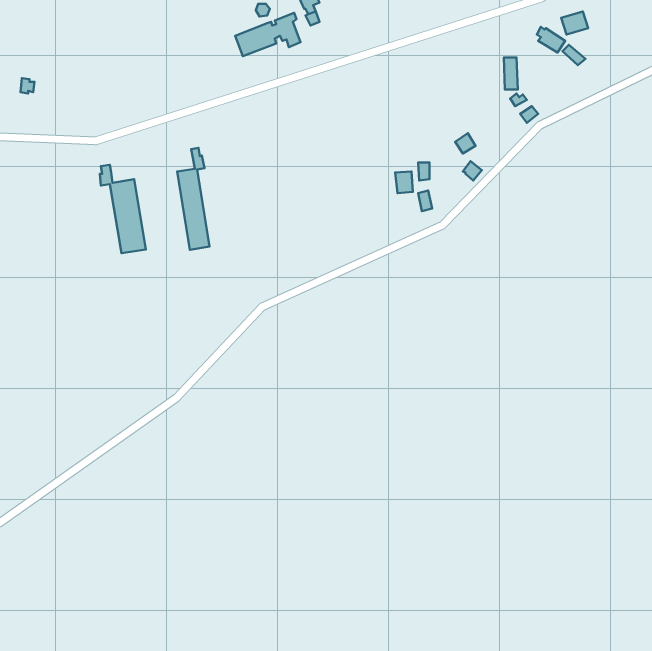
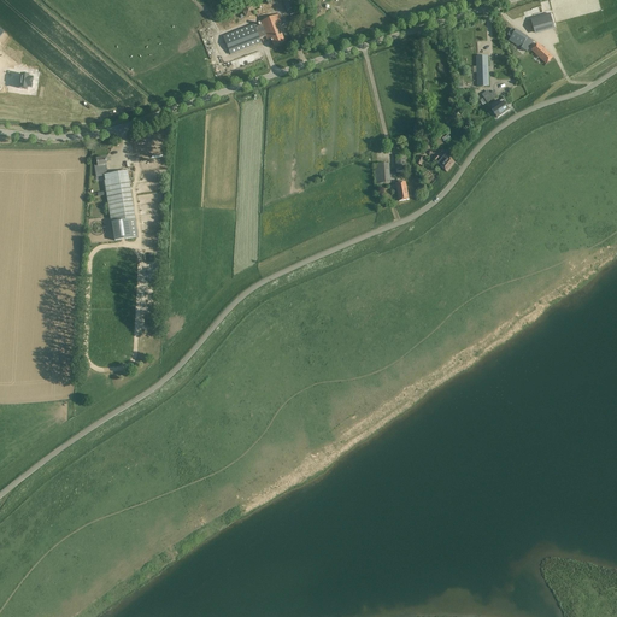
building: [177,148,210,250] -> none

